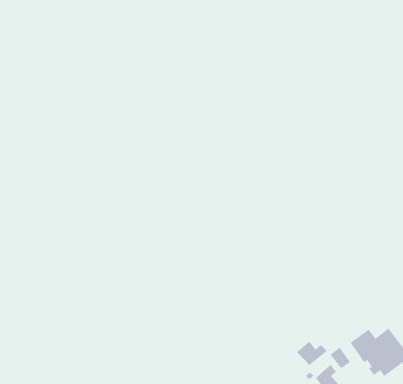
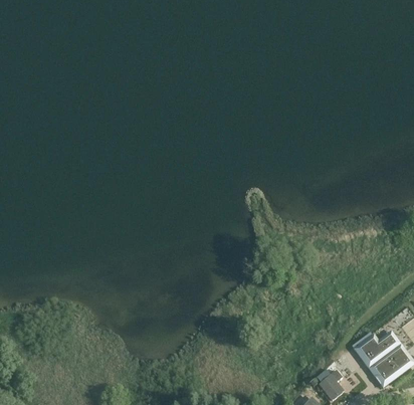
building: [296,341,328,366] -> none

